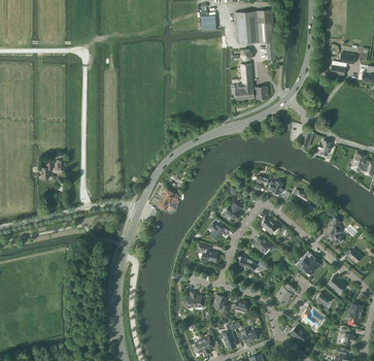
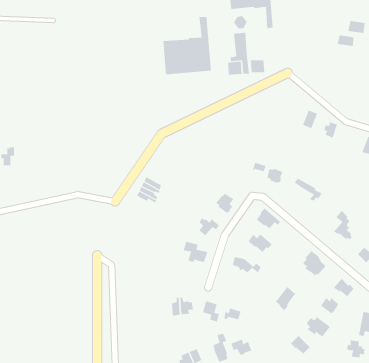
building: none -> [163,16,212,75]

